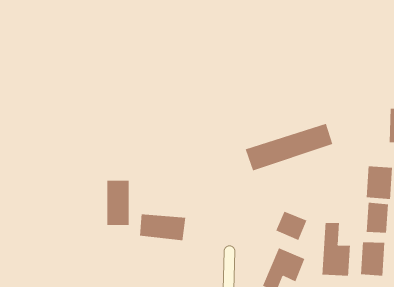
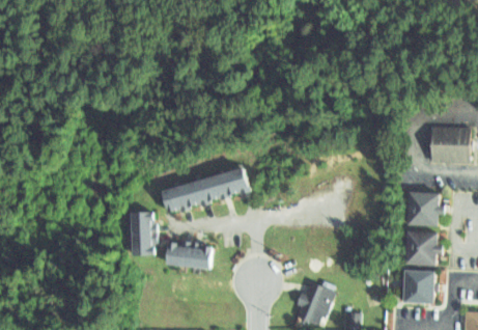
building: [245,123,333,171] -> [158,161,253,213]
building: [276,211,307,241] -> none
building: [322,222,351,277] -> none

